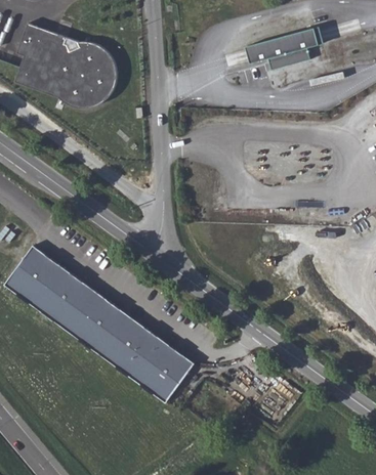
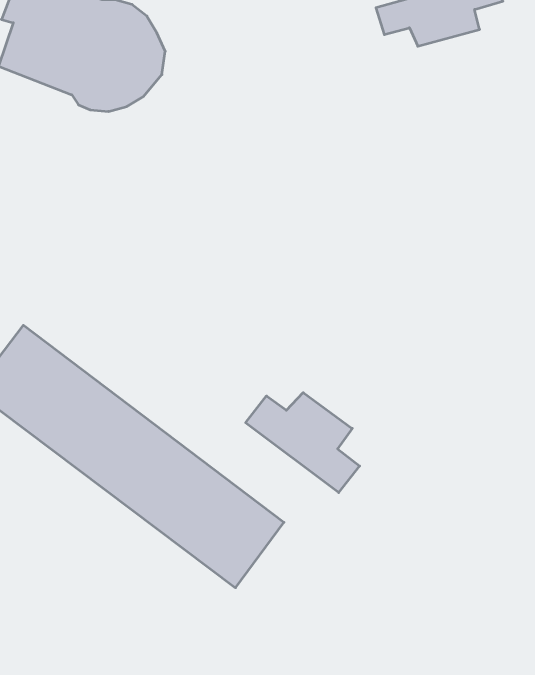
building: none -> [246,393,360,493]

